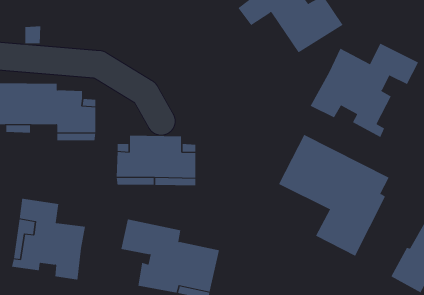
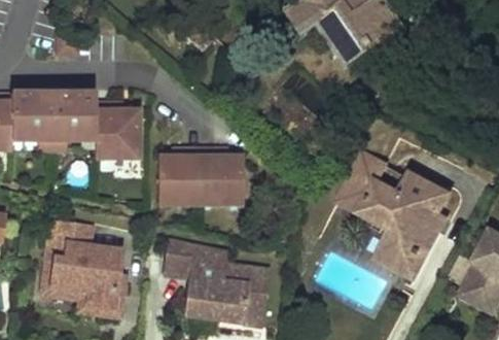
building: [310,43,419,138] -> none
building: none -> [72,273,129,317]

